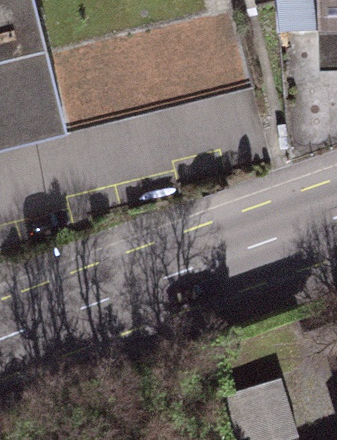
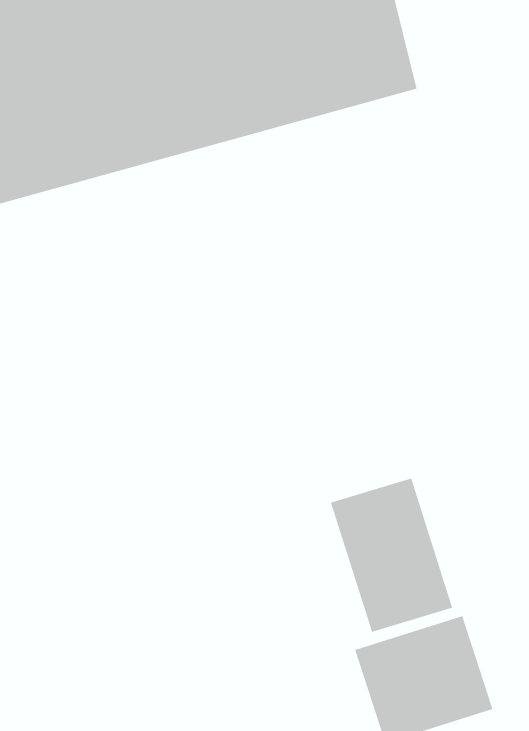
building: none -> [330,477,453,633]

